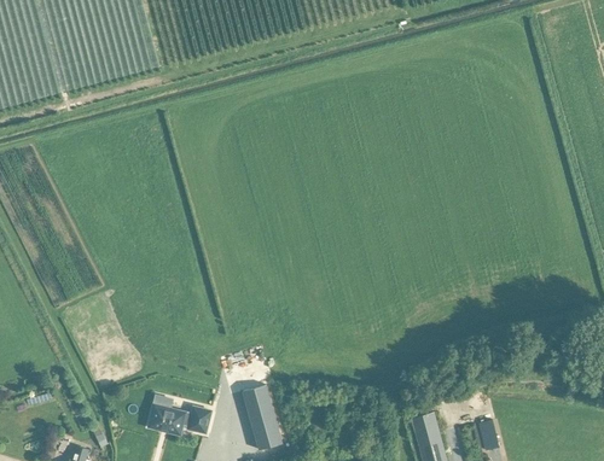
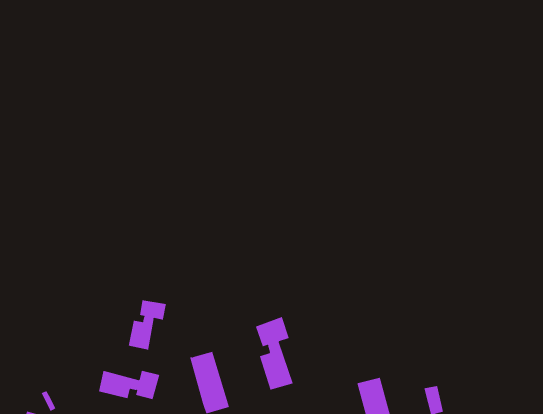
building: none -> [128,300,166,351]
building: none -> [255,316,293,391]

